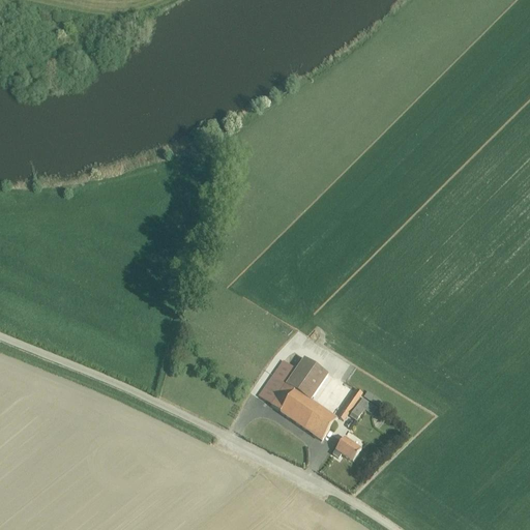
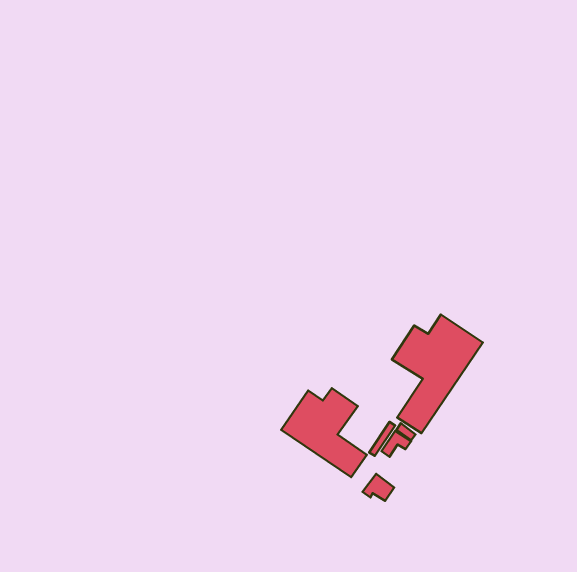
building: none -> [392,315,483,433]

